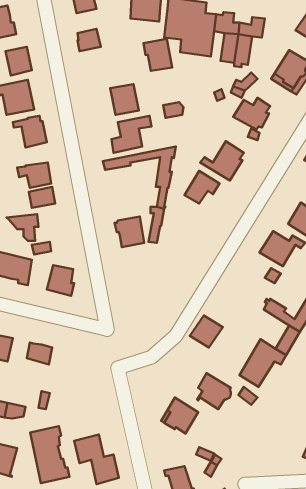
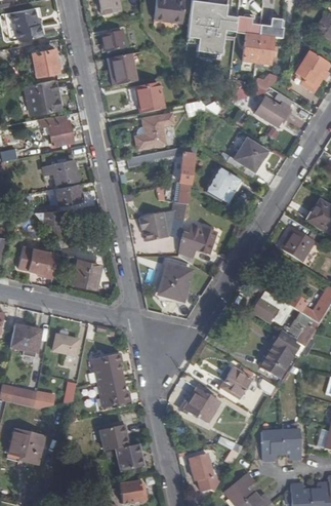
building: [144,39,172,71] -> [109,53,136,84]
building: none -> [178,224,215,262]
building: none -> [161,264,191,300]
building: [190,316,223,347] -> [251,290,283,321]
building: [30,426,69,483] -> [92,352,130,407]
building: none -> [259,431,299,463]

